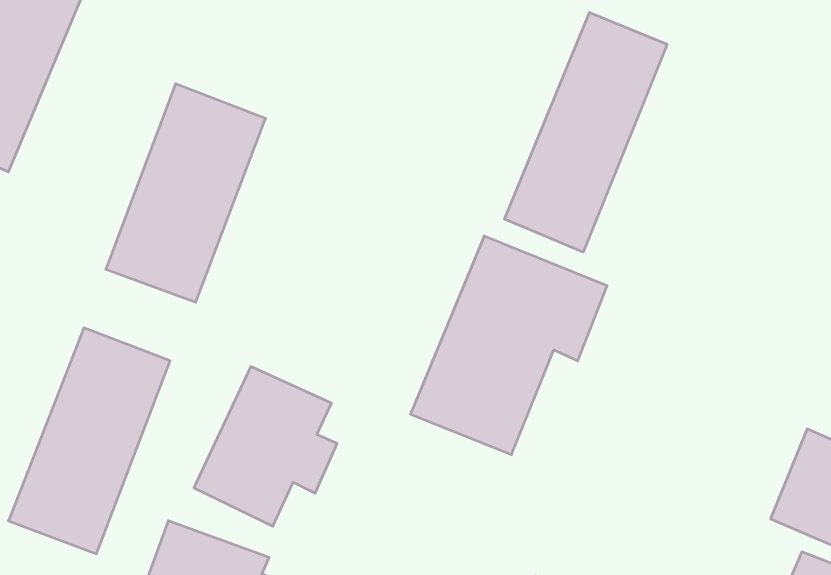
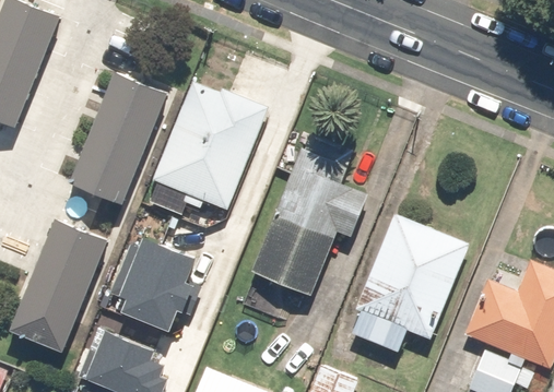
building: [504,12,667,252] -> none
building: none -> [154,81,267,209]
building: none -> [345,215,467,354]

